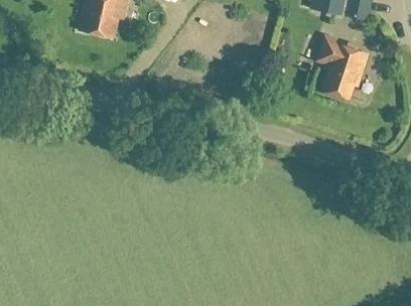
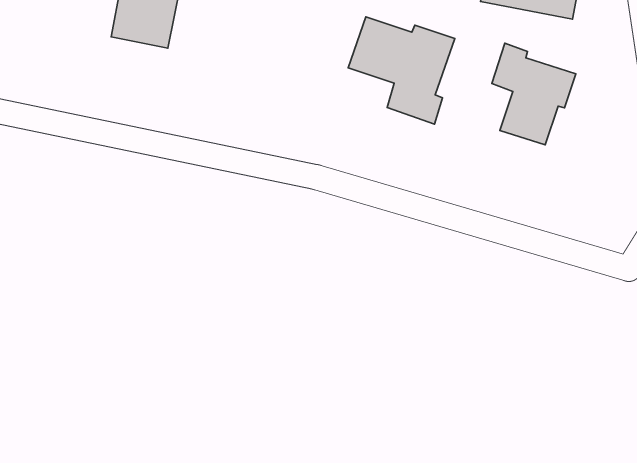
building: none -> [348,17,455,124]

